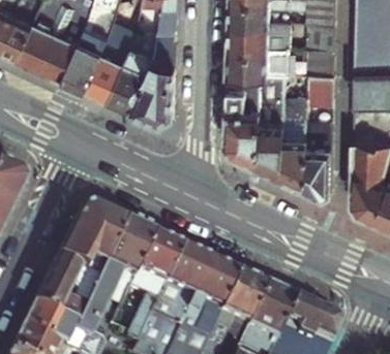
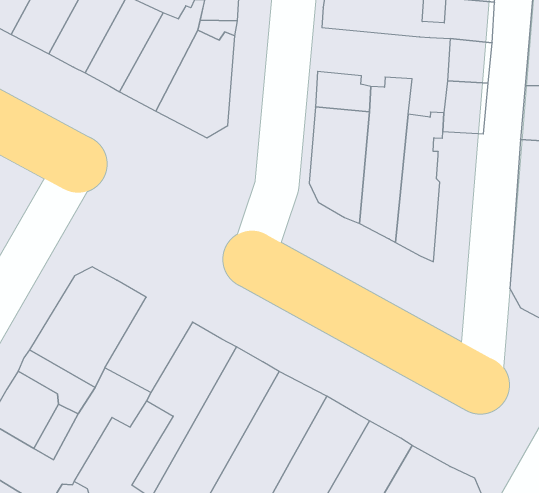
building: [224,51,286,78] -> none
building: [301,124,328,198] -> none
building: [106,221,157,279] -> none

